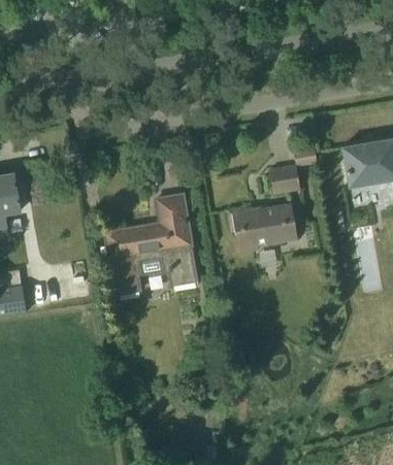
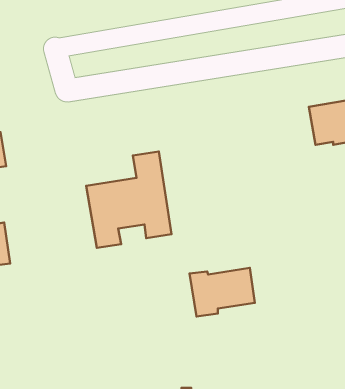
building: [270,164,302,195] -> none
building: [228,202,297,254] -> [190,268,255,316]

